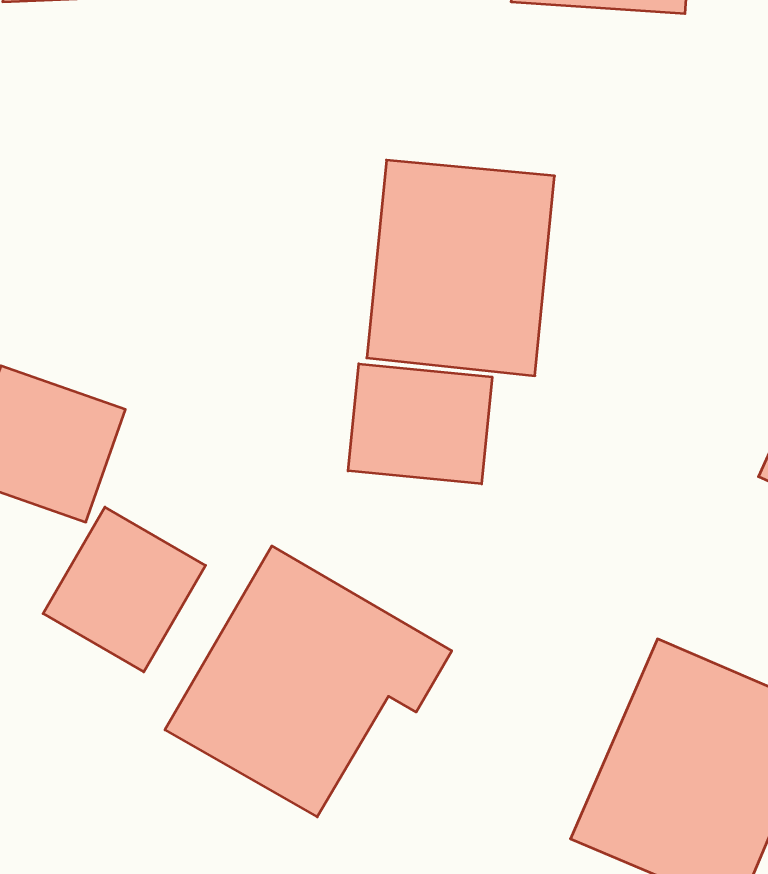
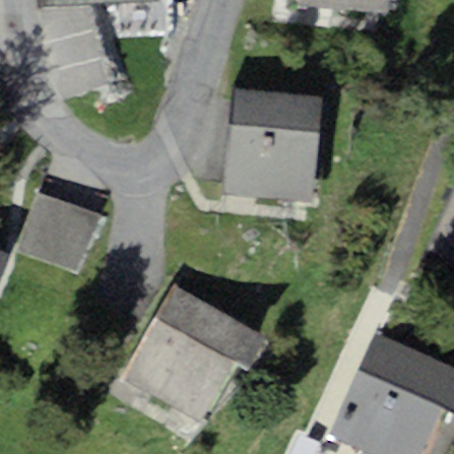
building: [348,364,492,484] -> none
building: [43,507,206,672] -> none

